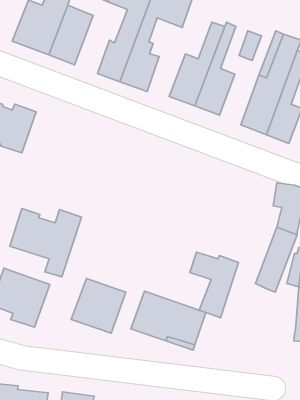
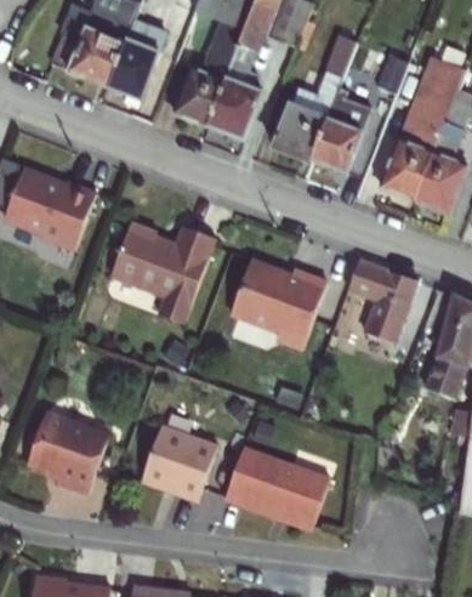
building: none -> [232,250,324,339]
building: [10,208,82,277] -> [108,220,210,317]
building: [190,252,238,318] -> [340,266,409,359]

